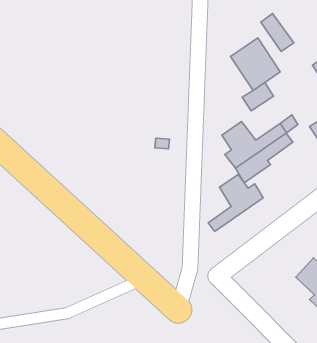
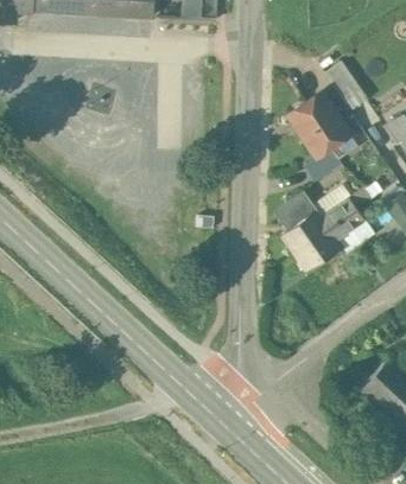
building: [208,175,263,231] -> none

